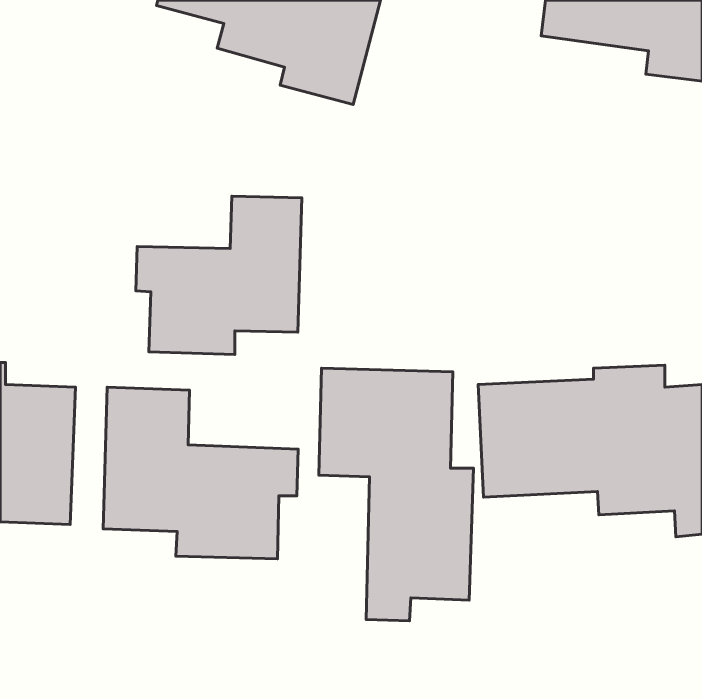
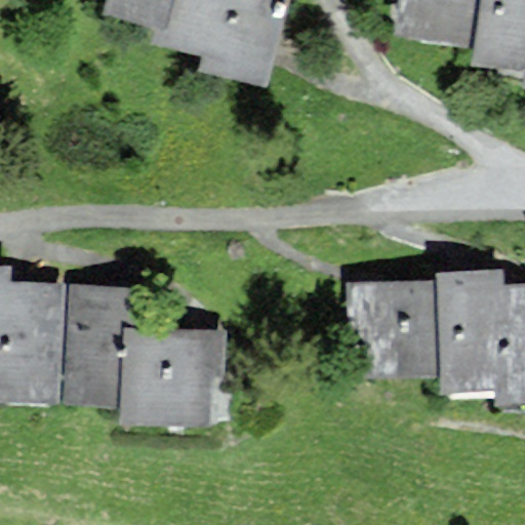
building: [136,196,302,355] -> none
building: [319,368,473,621] -> none

